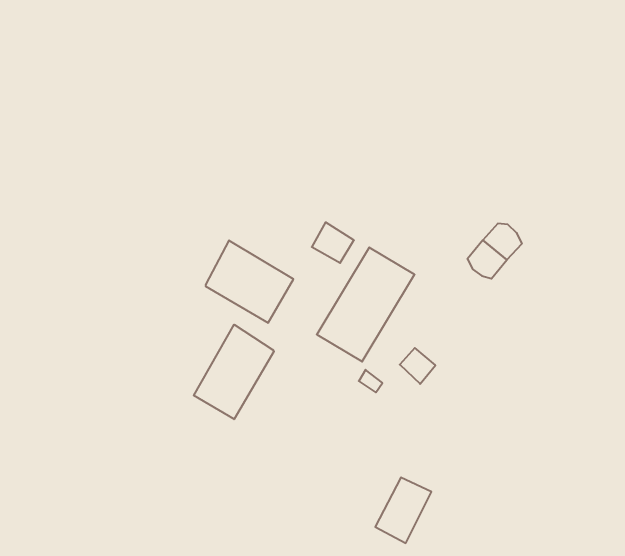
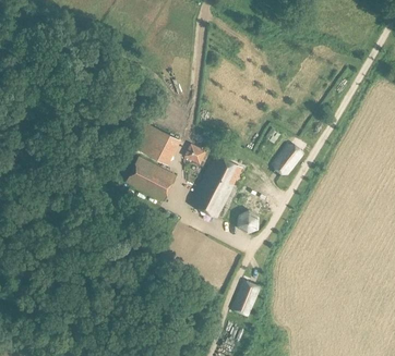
building: none -> [133,123,179,164]
building: [194,325,274,419] -> none

